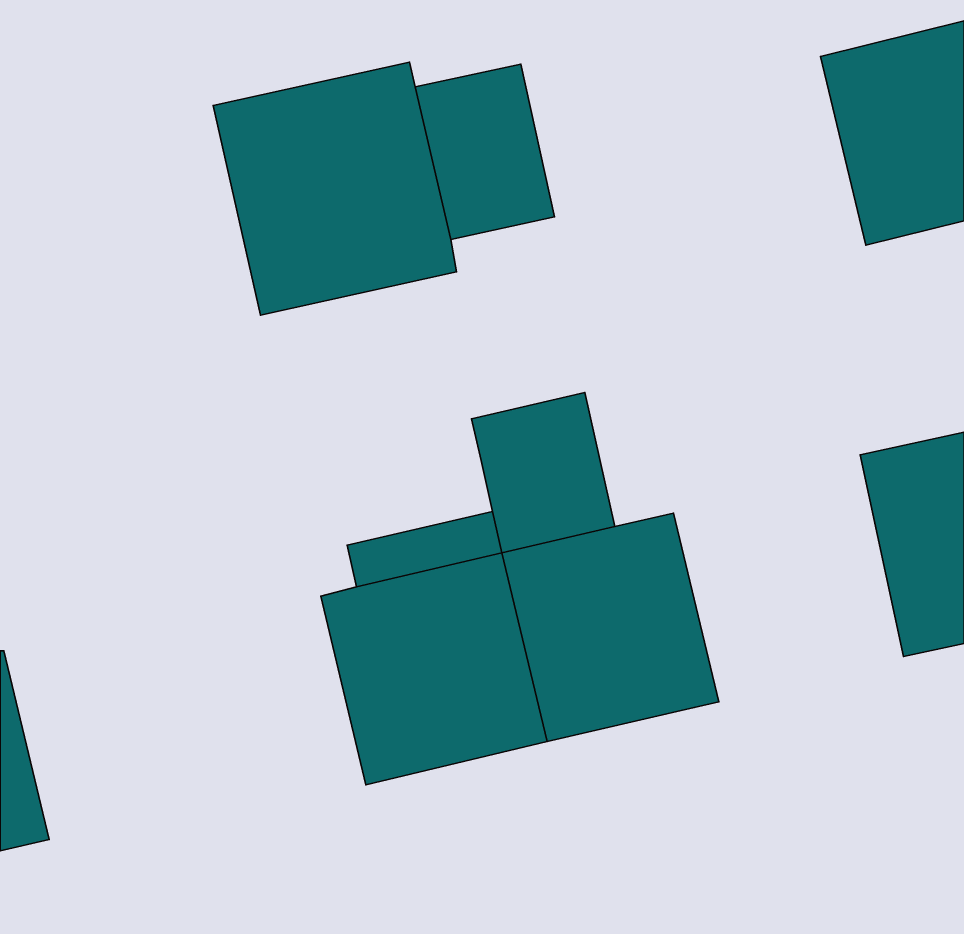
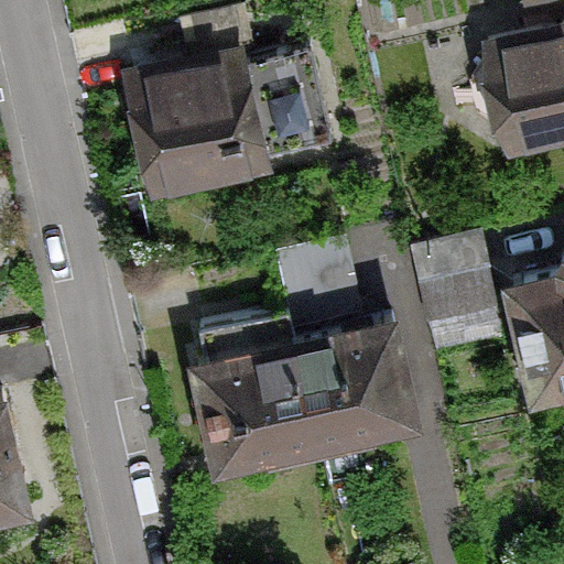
building: none -> [411,239,502,359]

